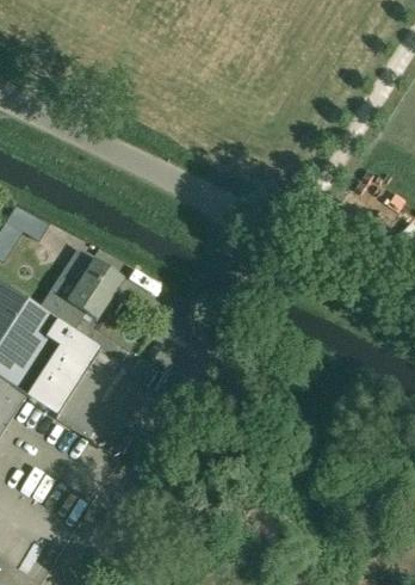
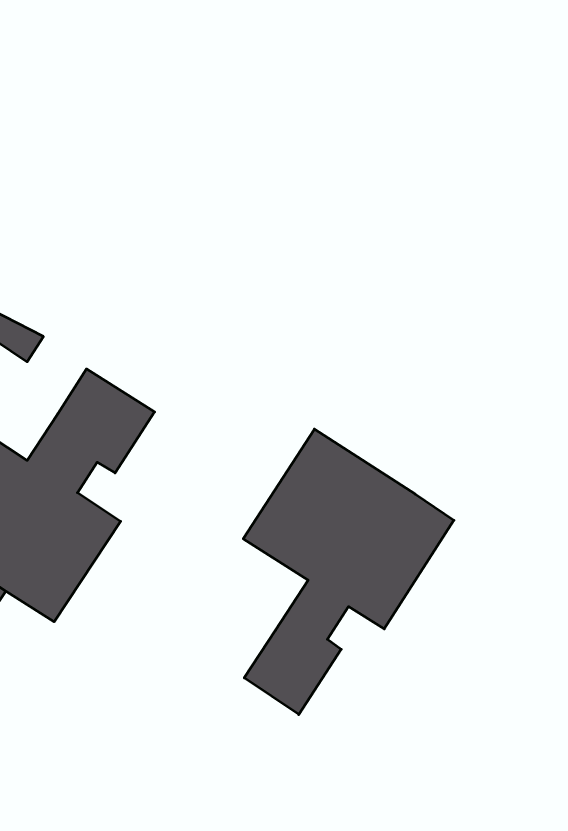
building: none -> [243,429,454,715]

